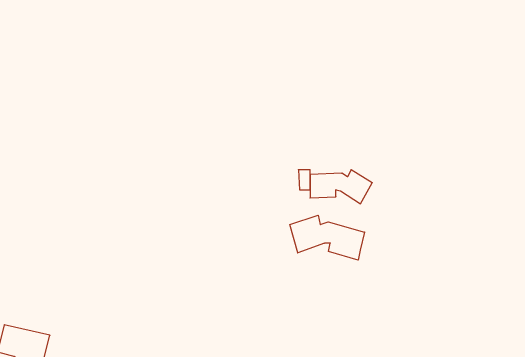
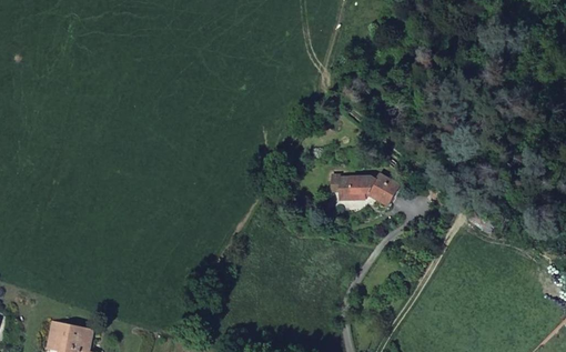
building: [290,215,365,260] -> none

